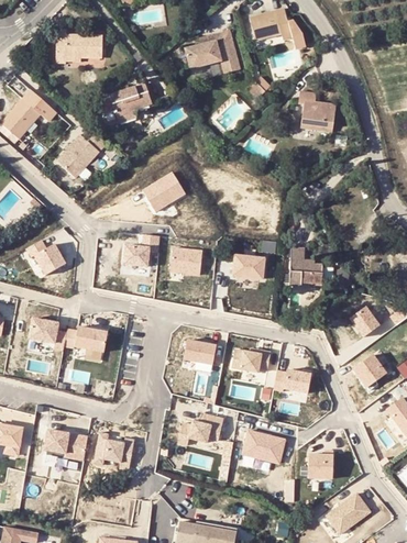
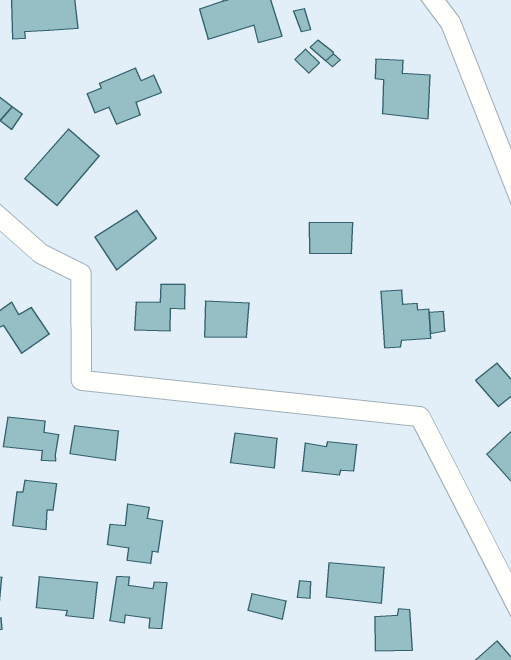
building: [140,167,182,207] -> [95,210,156,270]
building: [233,256,264,279] -> [309,222,353,254]
building: none -> [13,480,56,530]
building: [273,370,310,394] -> none
building: none -> [108,504,163,564]
building: [177,415,222,446] -> none
building: [307,451,332,479] -> [375,609,412,651]

